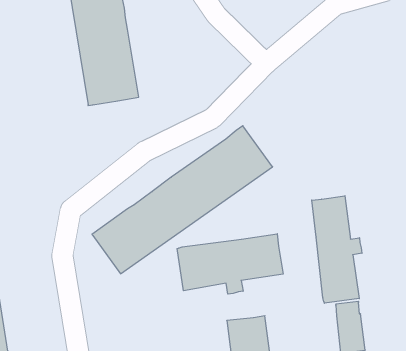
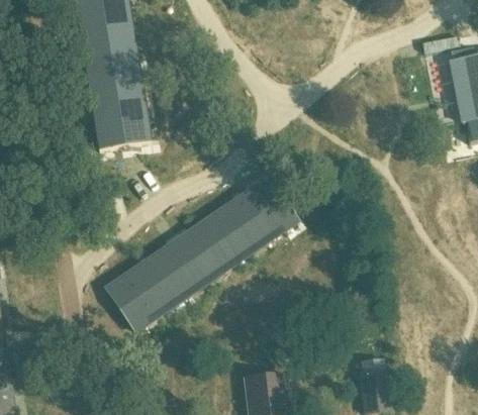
building: [312,196,362,303] -> none
building: [177,234,283,294] -> none

